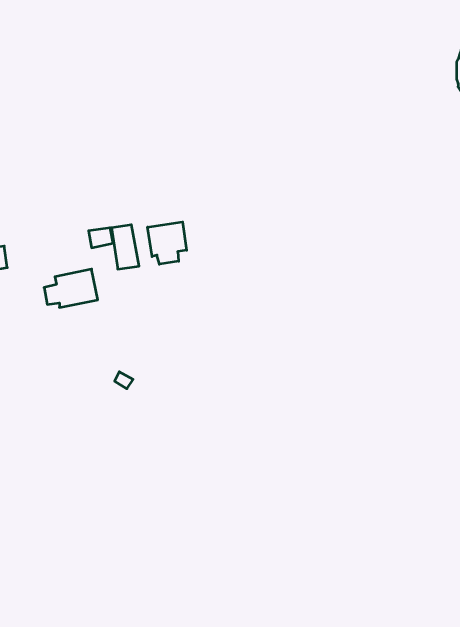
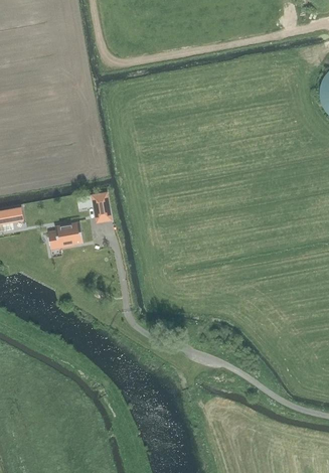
building: [148,222,187,264] -> none

